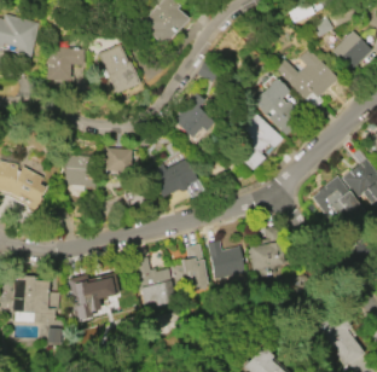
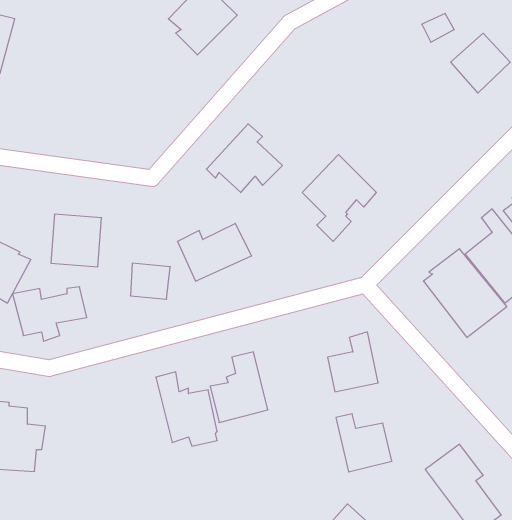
building: [99,43,140,93] -> none
building: [45,46,85,82] -> none
building: [276,48,337,109] -> none
building: [254,79,304,136] -> none
building: [104,147,130,172] -> [130,263,170,299]
building: [208,240,245,279] -> [336,414,392,472]
building: [69,274,118,310] -> [13,287,87,341]

